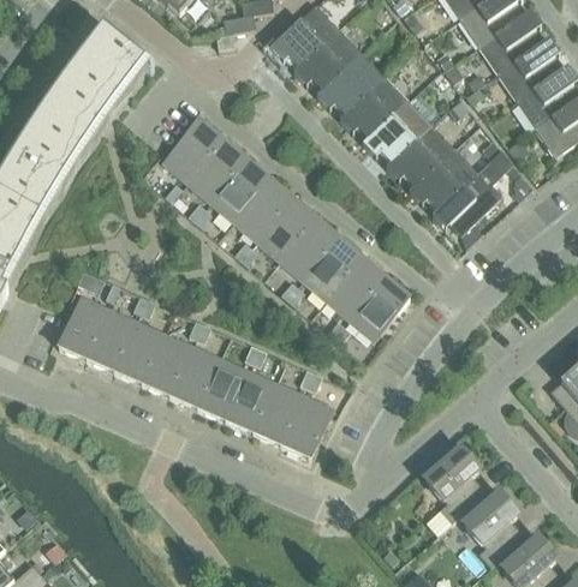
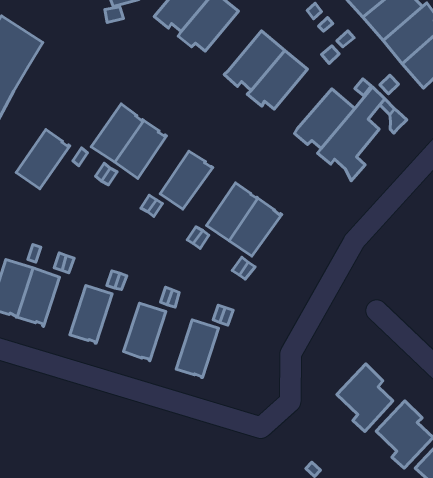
building: [315,50,383,114] -> none
building: [161,118,222,181] -> [16,130,70,189]
building: [383,121,453,185] -> none
building: [232,178,291,240] -> none
building: [278,217,338,280] -> none
building: [347,276,409,339] -> none
building: [113,319,163,383] -> none
building: [168,343,220,407] -> none
building: [225,369,275,432] -> none
building: [280,393,332,457] -> none

